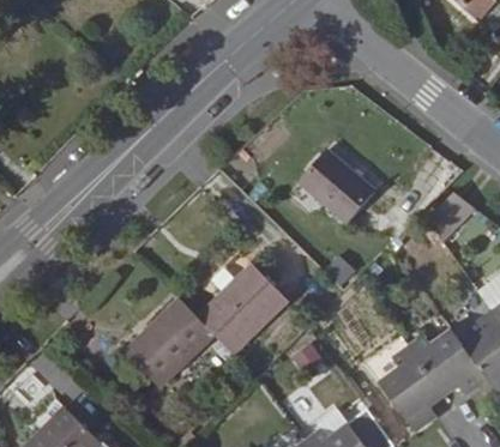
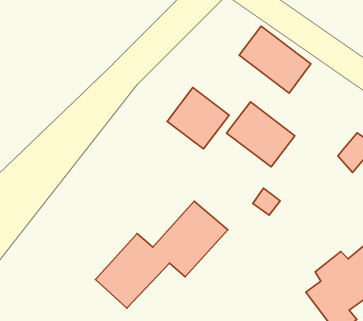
building: none -> [239,26,311,93]
building: none -> [167,88,229,149]

